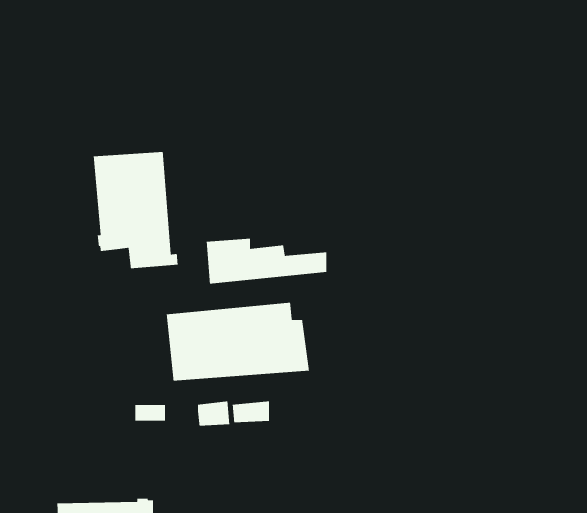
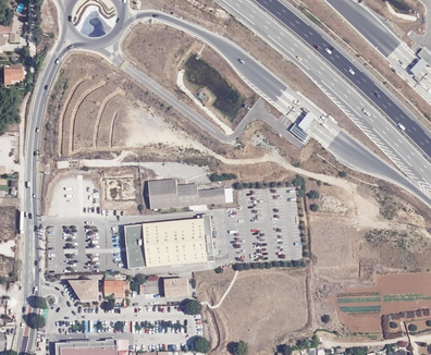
building: [93,151,179,269] -> none
building: none -> [67,281,97,299]

